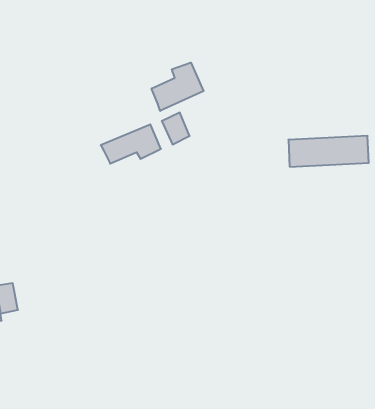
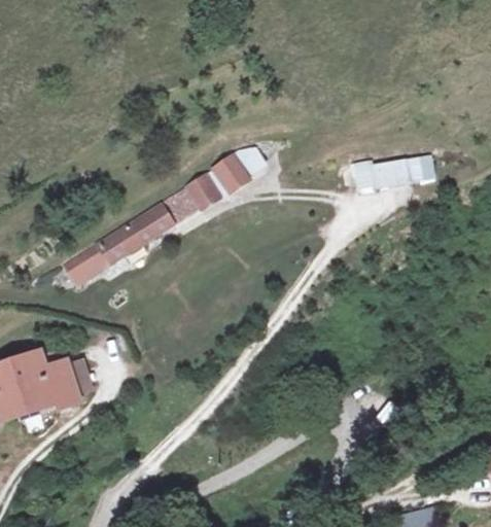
building: [152,63,204,111] -> none
building: none -> [65,206,173,286]

